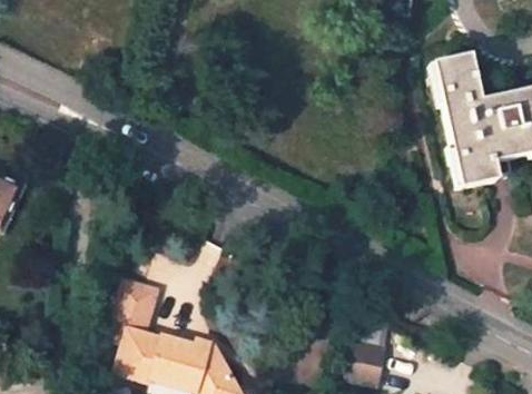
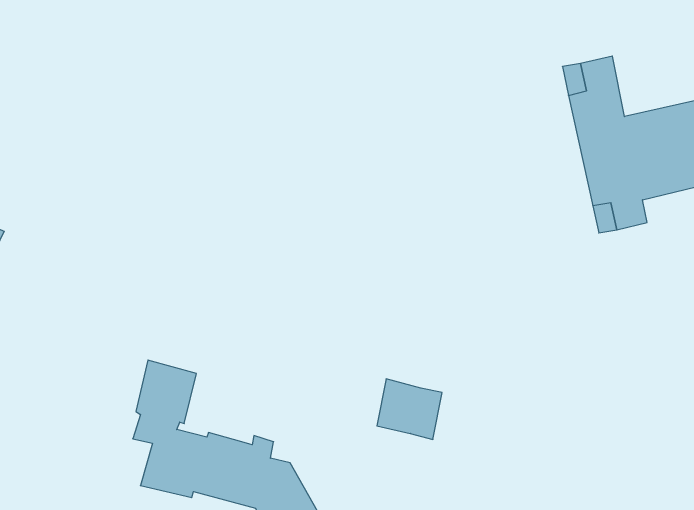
building: [345,339,393,384] -> [377,379,442,439]

